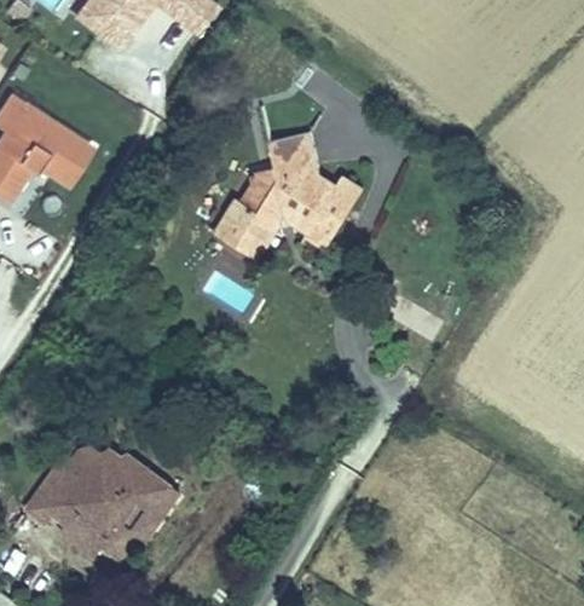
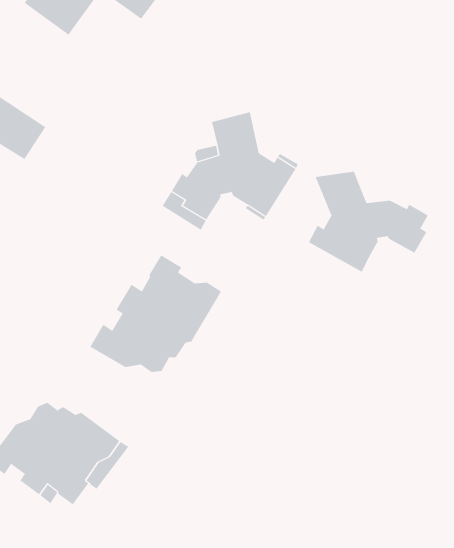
building: none -> [308,171,429,273]
building: none -> [89,255,222,373]

